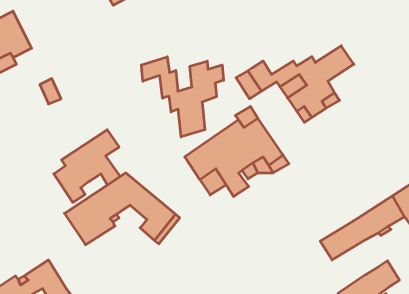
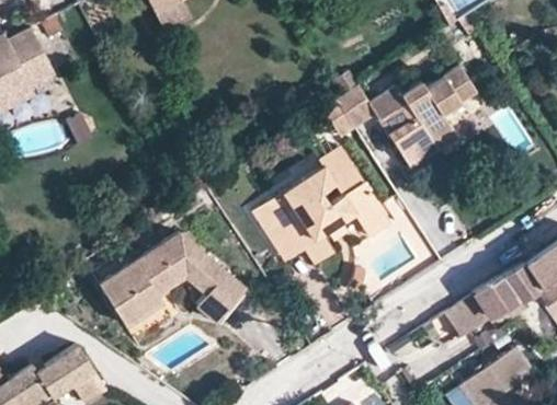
building: [141,57,224,137] -> none
building: [54,130,120,202] -> none

